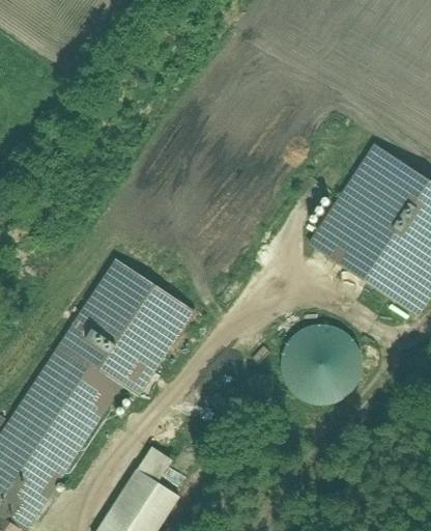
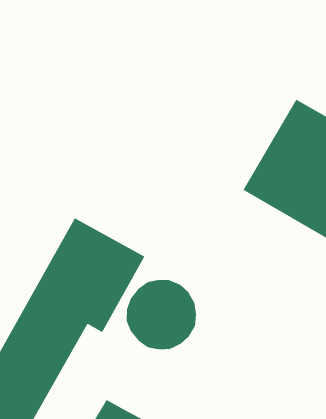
building: [280,323,362,403] -> [126,280,197,350]
building: [136,451,171,487] -> none

